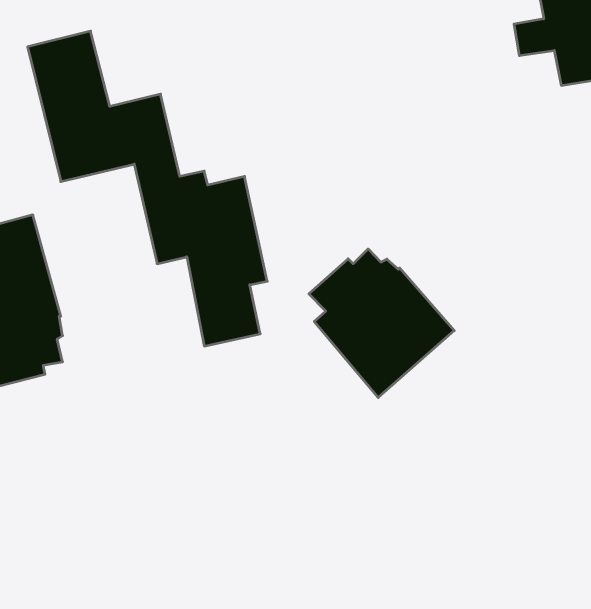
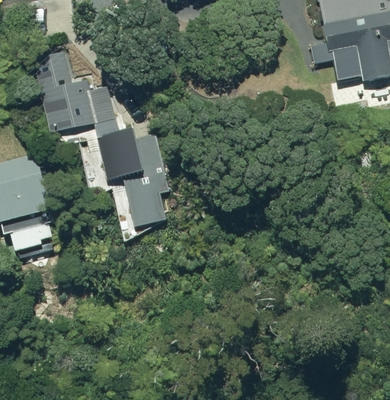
building: [309,249,454,398] -> none

